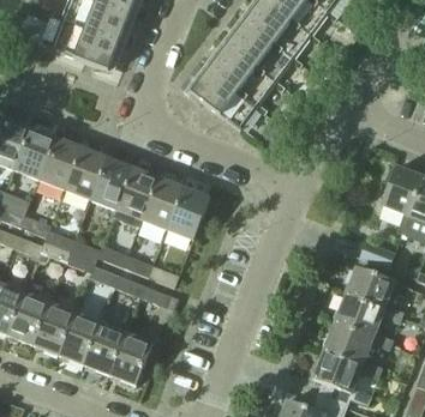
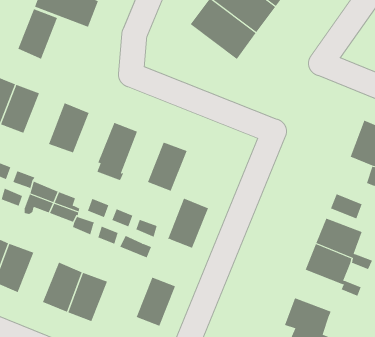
building: [192,65,262,128] -> none
building: [40,137,82,189] -> [17,9,58,59]
building: [91,157,133,209] -> none
building: [142,176,185,229] -> [167,198,209,249]
building: [34,302,76,353] -> none
building: [322,320,381,376] -> none
building: [110,332,152,383] -> [136,277,176,326]

